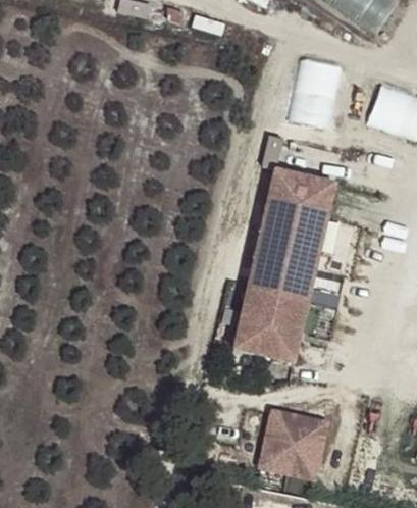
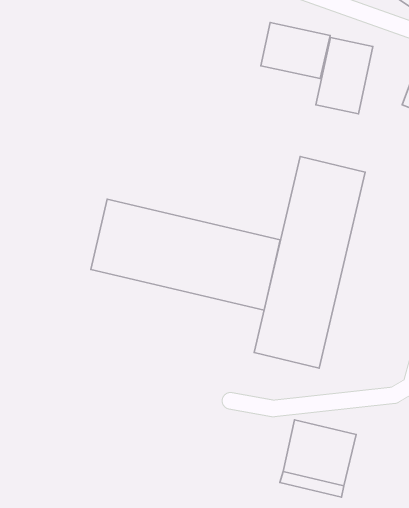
building: none -> [261,22,330,79]
building: none -> [91,199,280,310]

